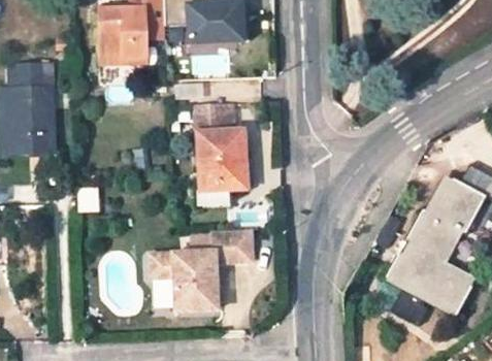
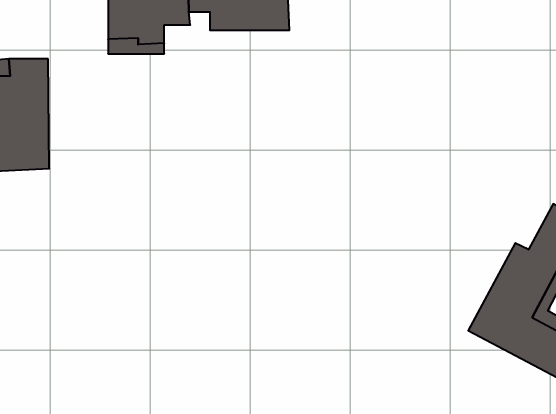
building: [195,103,243,191] -> none
building: [151,230,252,313] -> none

